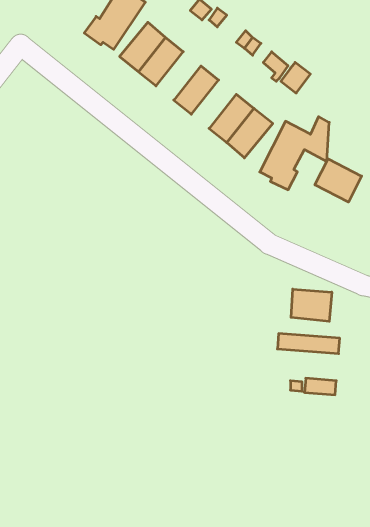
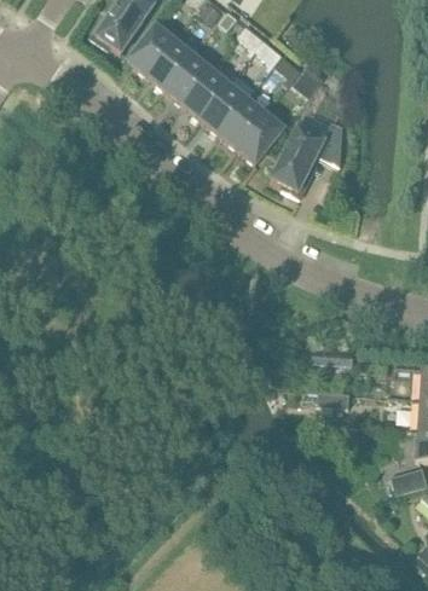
building: none -> [164,54,210,104]
building: none -> [201,83,247,133]
building: [315,159,362,202] -> none
building: [291,289,332,321] -> none

